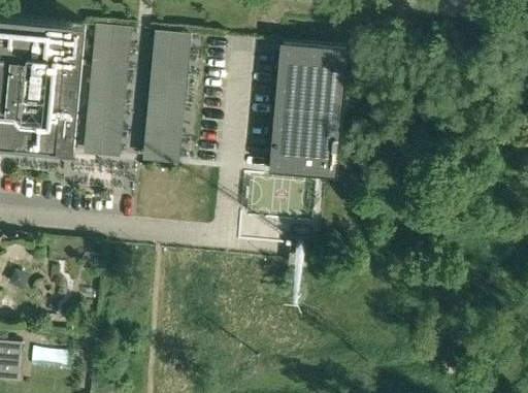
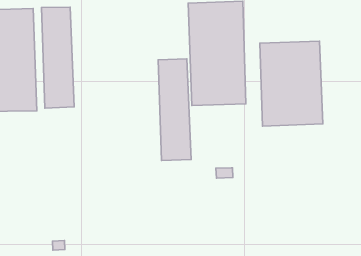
building: [142,31,190,161] -> [158,59,191,161]
building: none -> [260,41,323,126]

